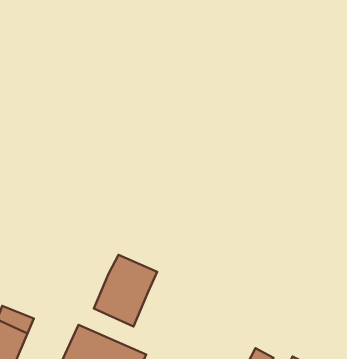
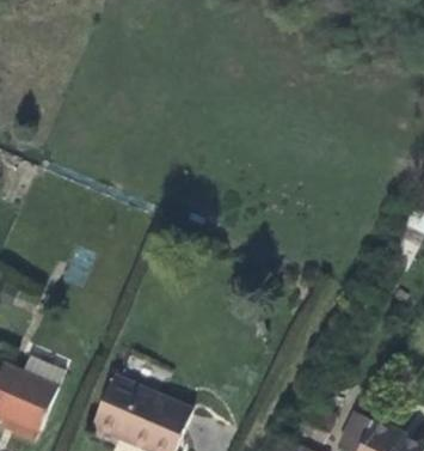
building: [94,255,157,326] -> none

